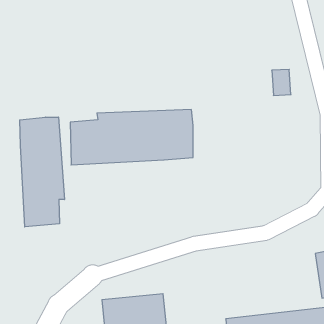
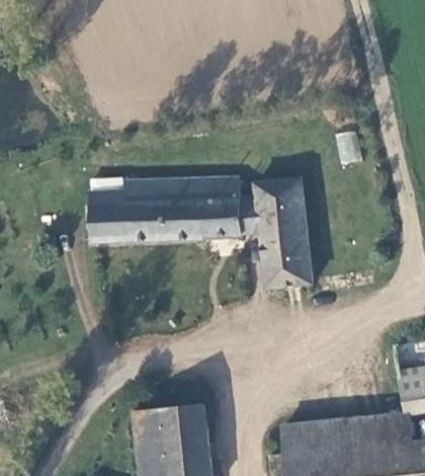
building: none -> [242,181,314,294]
building: [20,117,64,227] -> none

